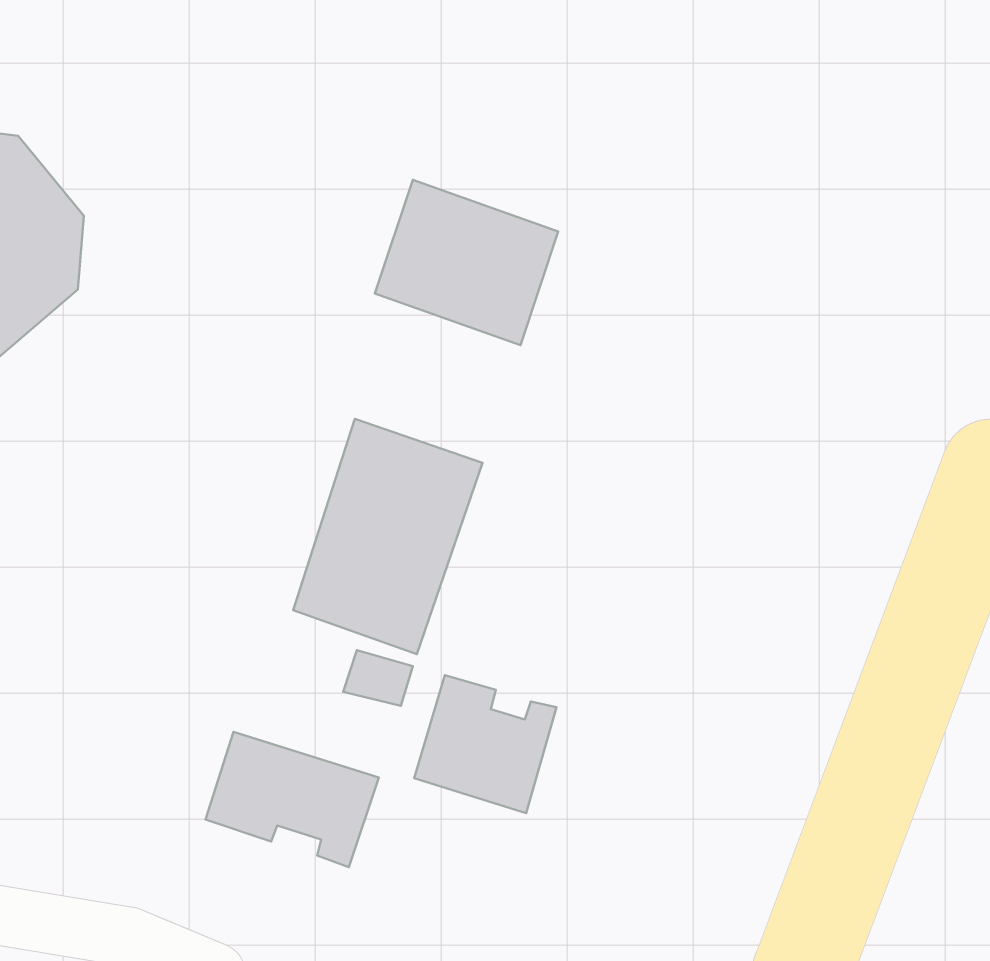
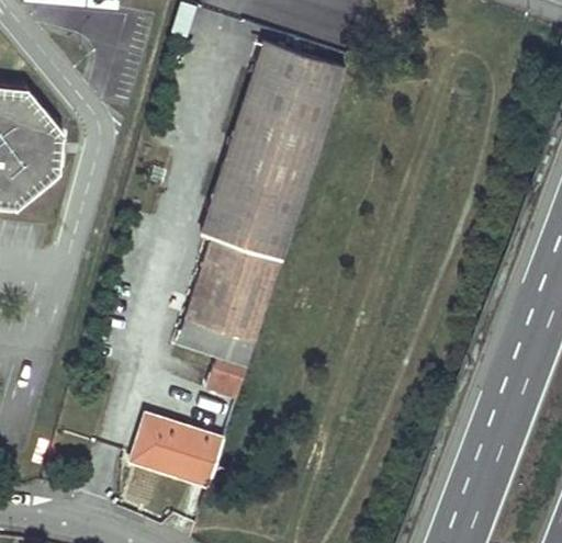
building: none -> [241,44,342,137]
building: none -> [199,171,301,264]
building: [414,675,557,813] -> none

